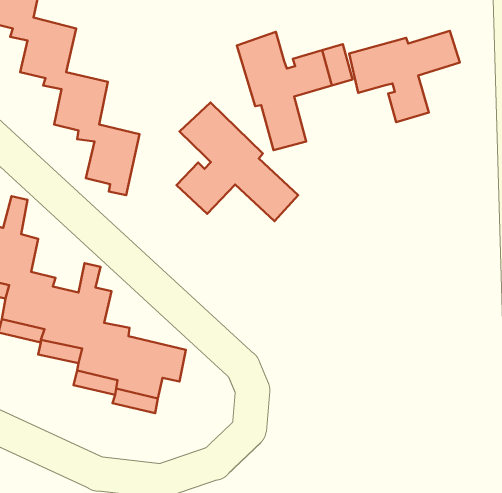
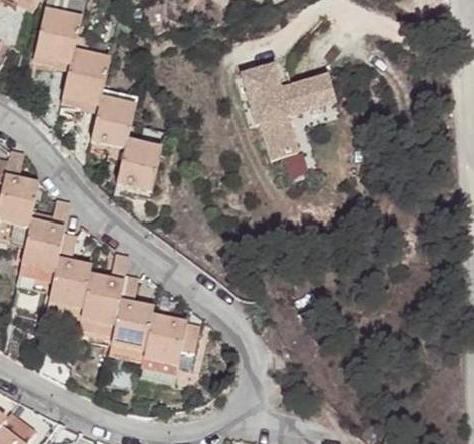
building: [349,31,460,122] -> none
building: [177,103,298,221] -> none

